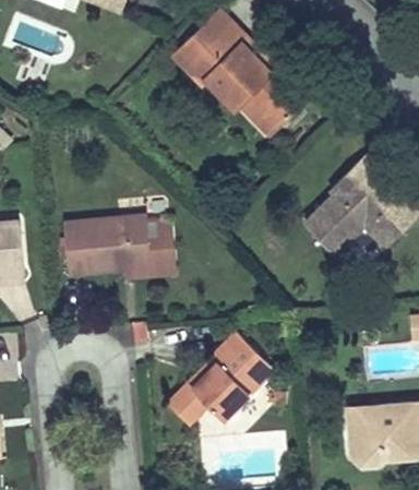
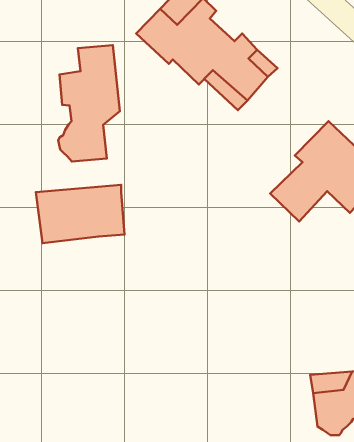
building: none -> [58,45,120,161]
building: [130,223,180,279] -> none
building: [168,340,264,427] -> none

